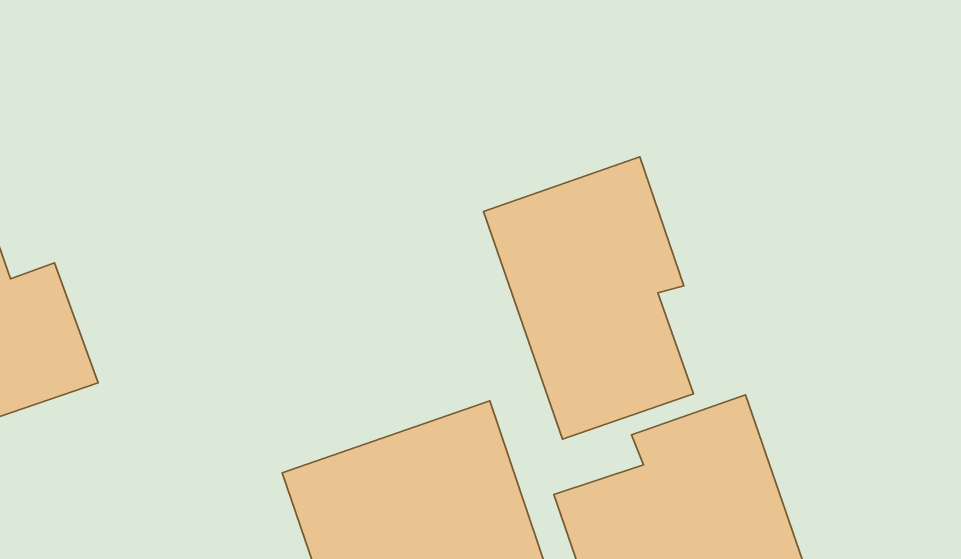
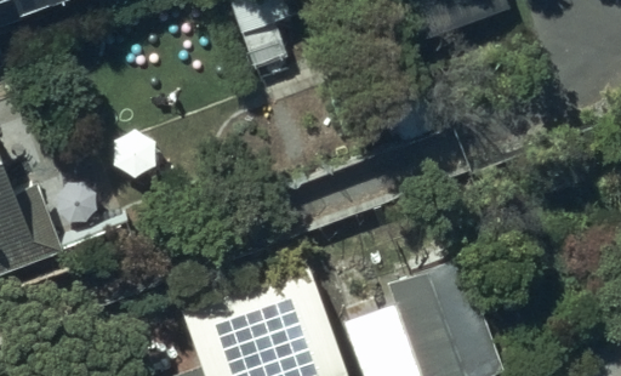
building: [483,157,694,439] -> none

